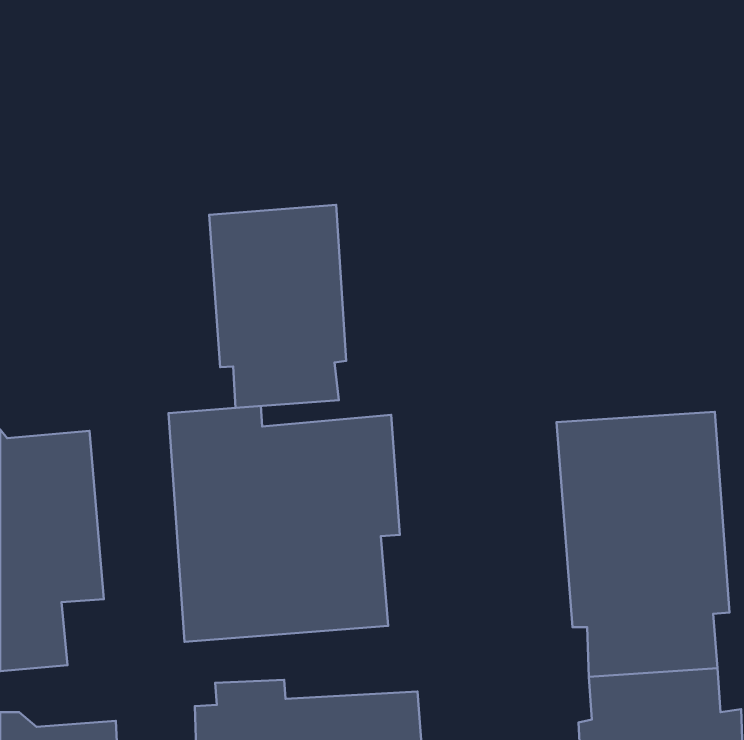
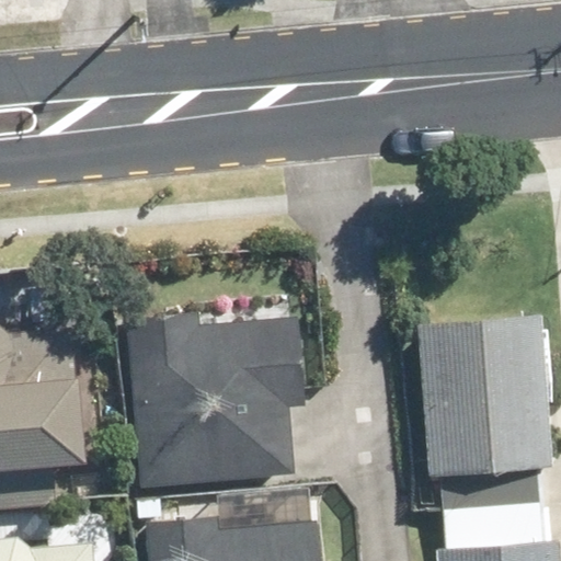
building: [209,205,346,408] -> none

